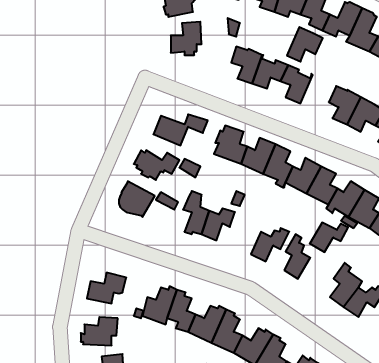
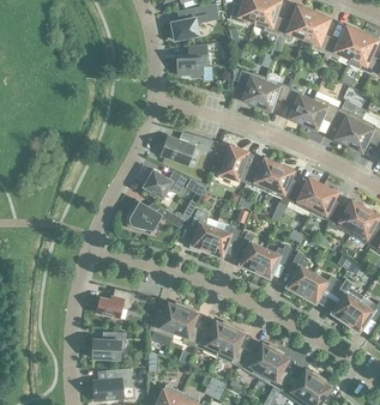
building: [287,27,323,62] -> [303,96,338,129]
building: none -> [240,231,265,270]
building: [310,223,348,252] -> [301,273,338,302]

